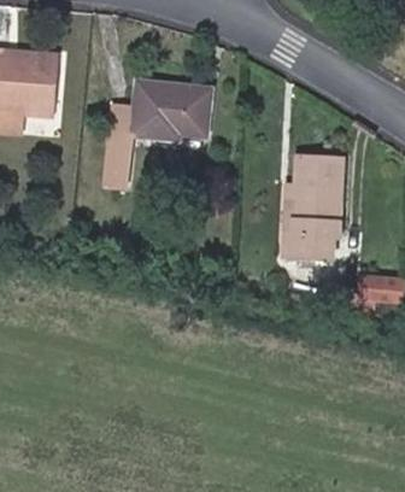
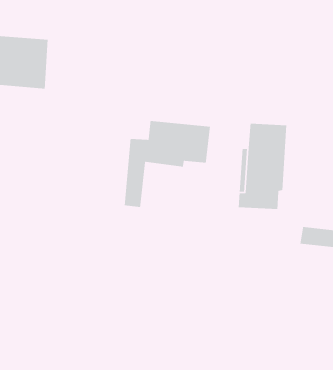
building: [107,82,211,187] -> [124,120,211,208]

